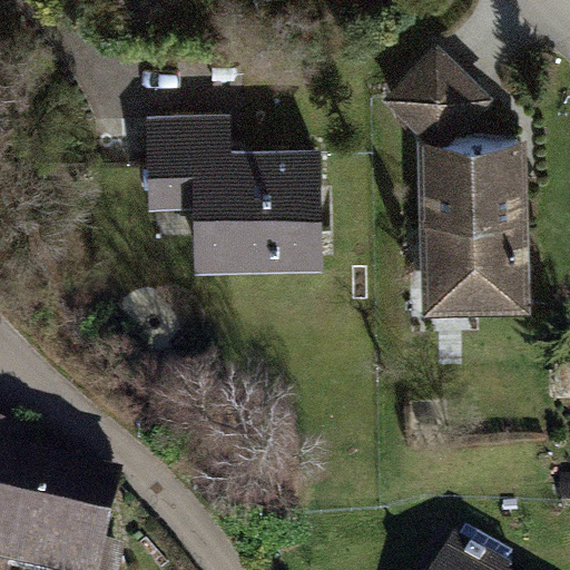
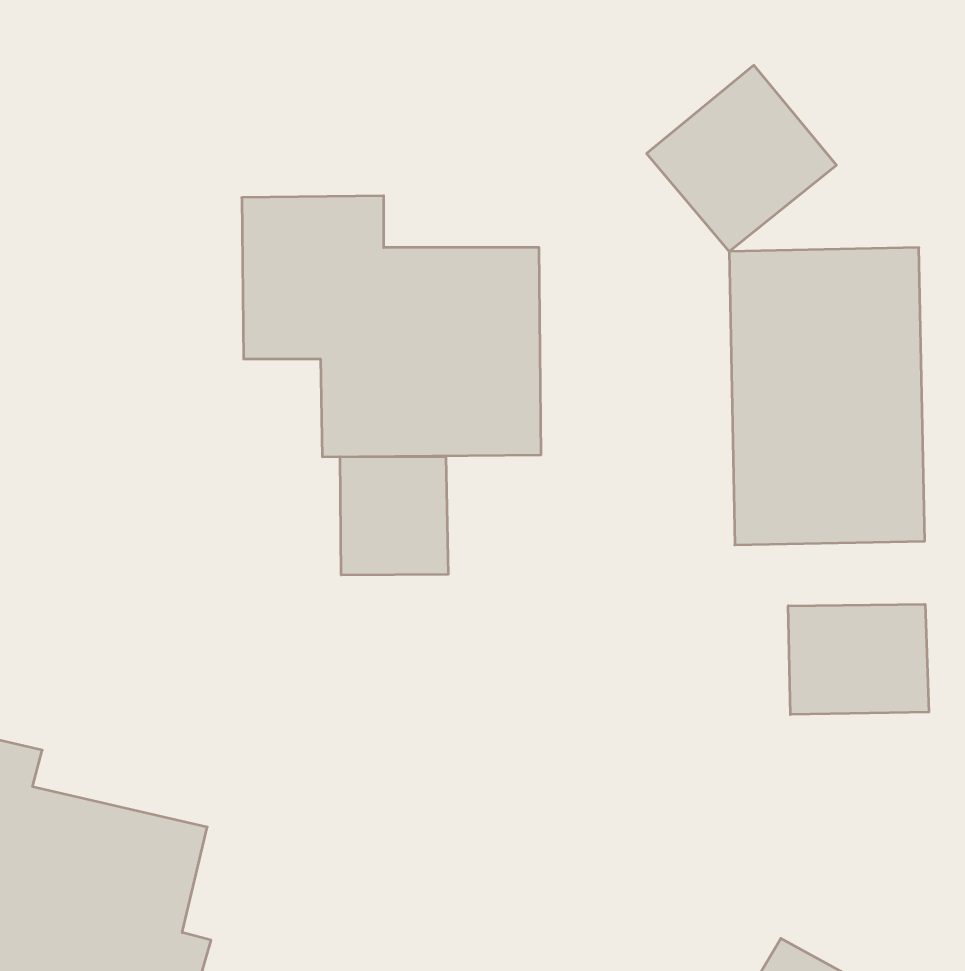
building: none -> [340,457,448,575]
building: none -> [788,604,929,715]

